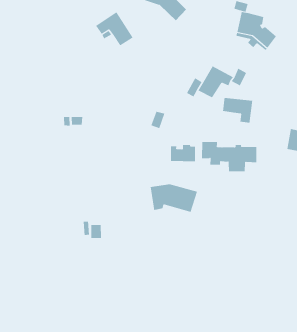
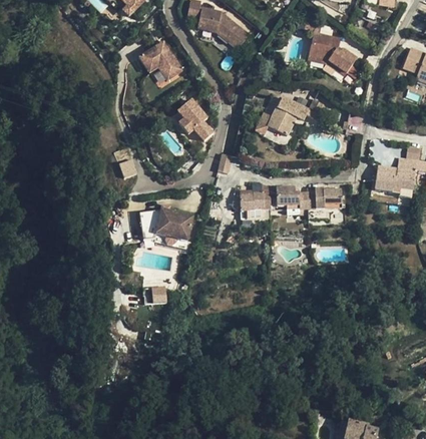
building: none -> [175,96,215,140]
building: [222,97,253,124] -> none
building: [150,184,198,213] -> [134,210,190,243]

